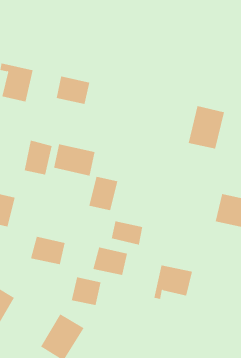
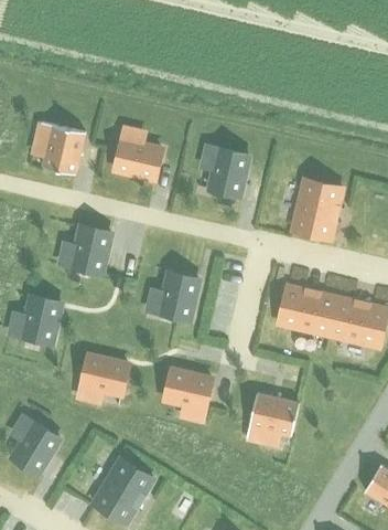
building: none -> [209,149,248,197]
building: [54,143,95,176] -> none
building: none -> [279,287,337,336]
building: [111,220,143,245] -> none
building: [71,276,101,306] -> none

